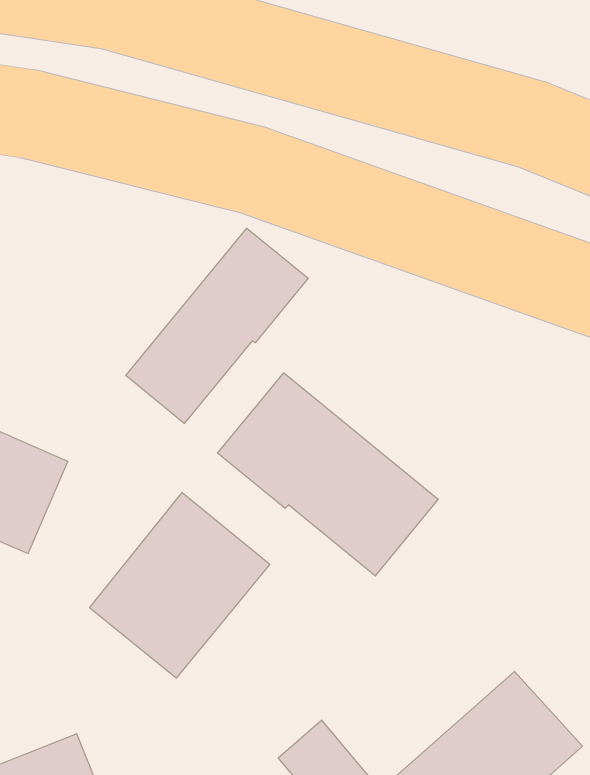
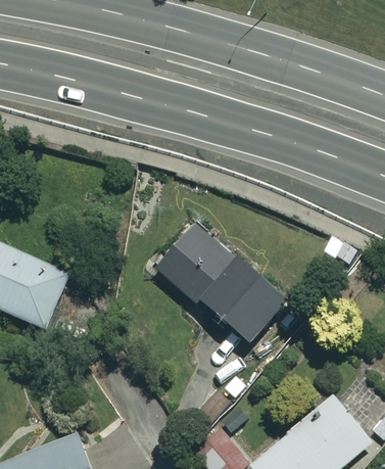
building: [126,228,308,424] -> none
building: [90,492,270,678] -> none

